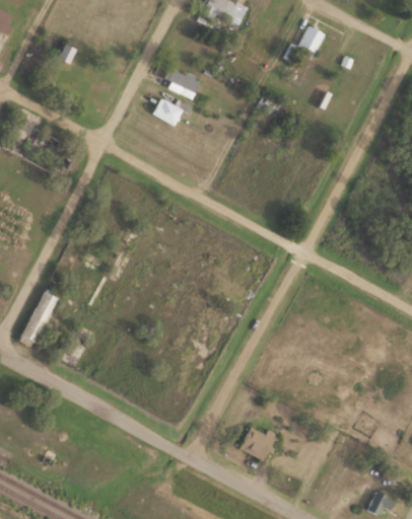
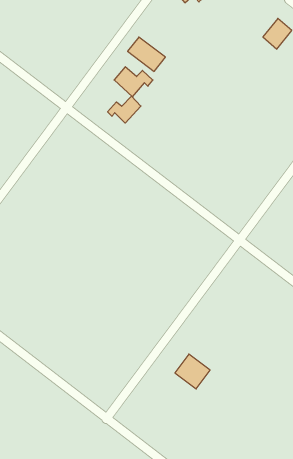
building: none -> [108,96,141,123]
building: [237,426,273,460] -> [175,354,210,389]

